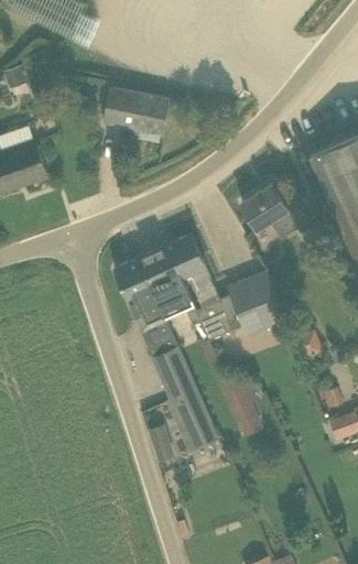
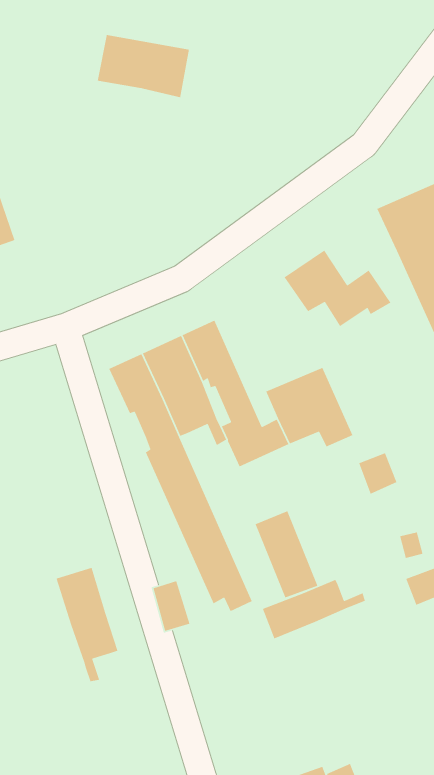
building: [102,88,170,134] -> [97,34,190,98]
building: none -> [56,567,118,682]
building: none -> [262,579,366,639]

